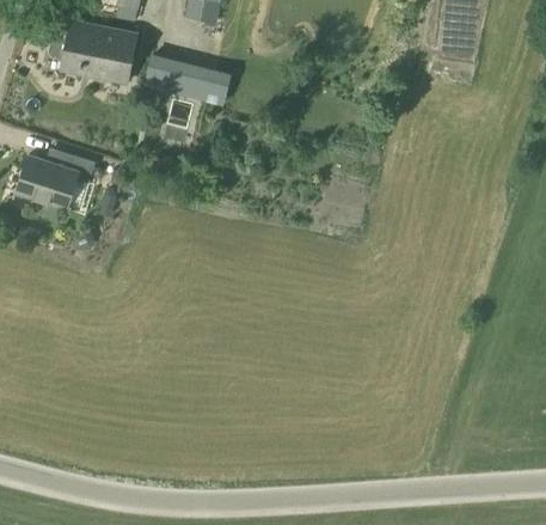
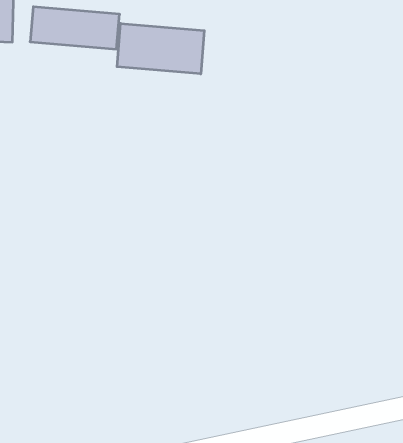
building: none -> [117,23,204,74]

